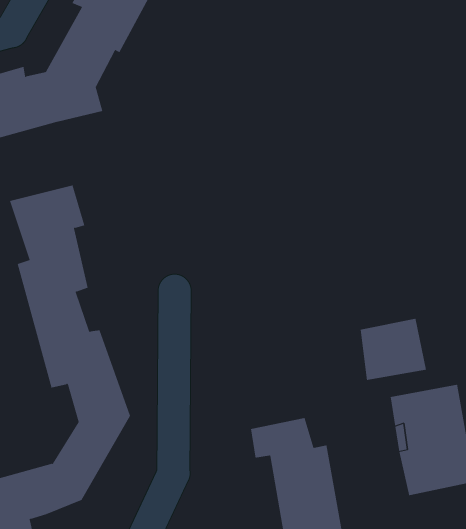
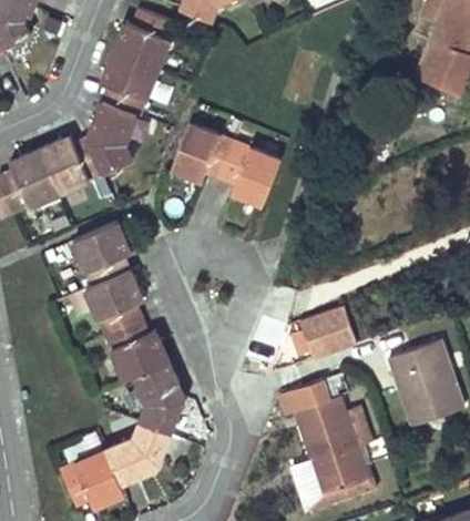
building: none -> [172,124,282,205]
building: [360,318,427,381] -> [300,305,356,358]

